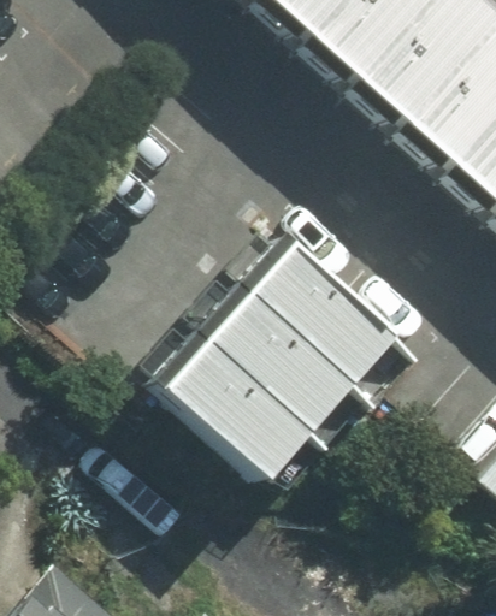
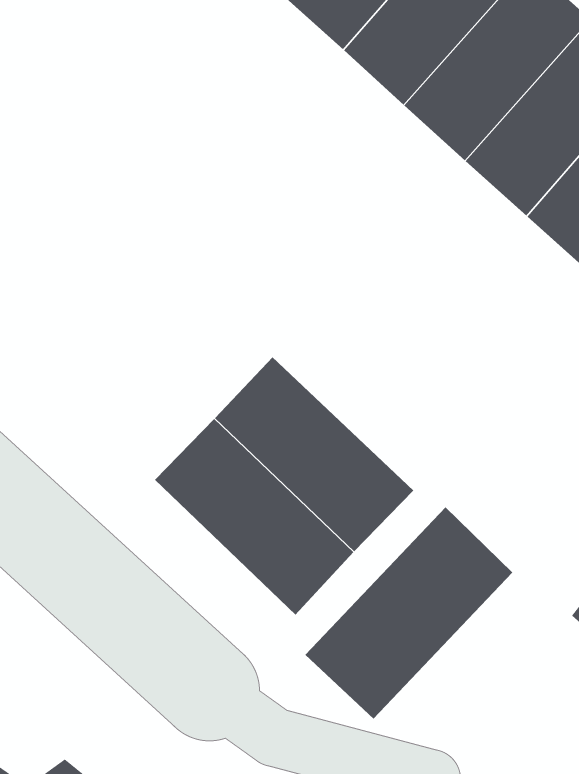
building: [247,231,405,385] -> none
building: none -> [304,506,513,719]

